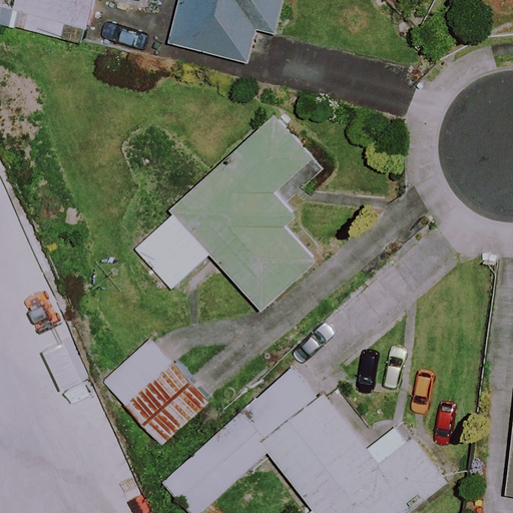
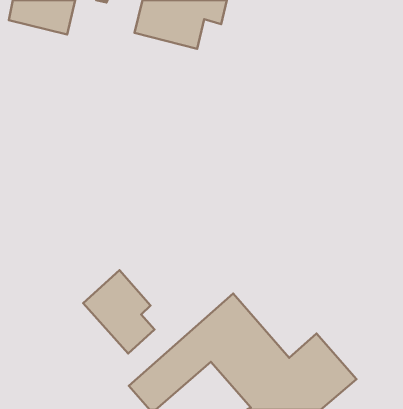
building: [128,114,317,308] -> none

